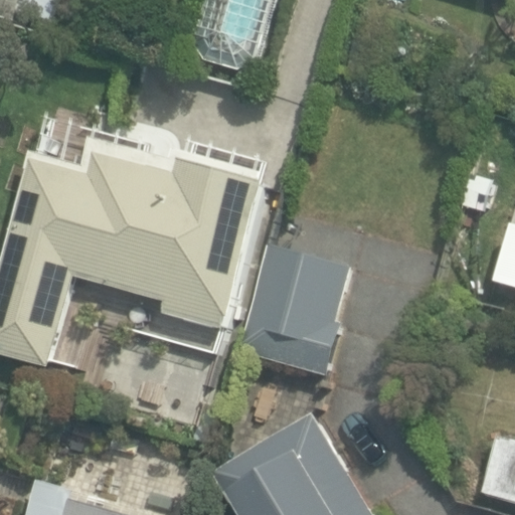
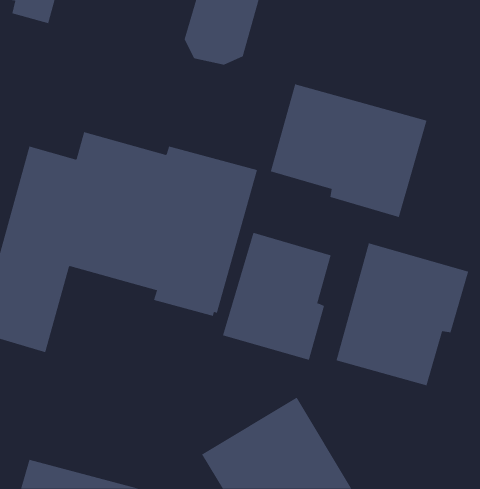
building: none -> [270,83,427,218]
building: none -> [336,243,469,386]

